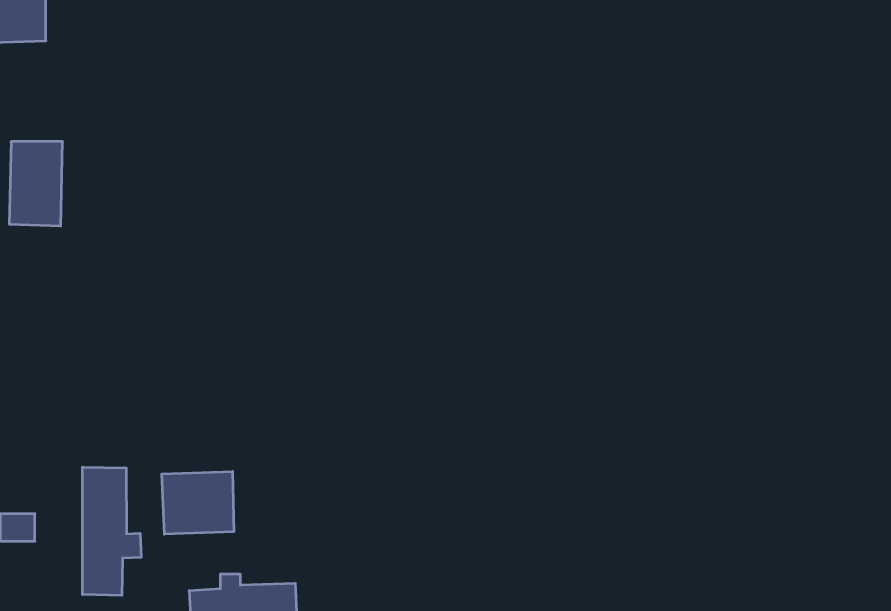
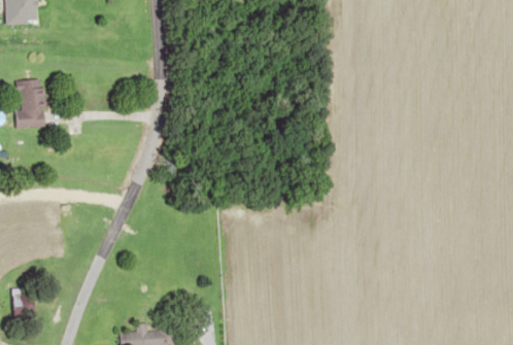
building: [83,467,141,595] -> none
building: [162,471,234,534] -> none

